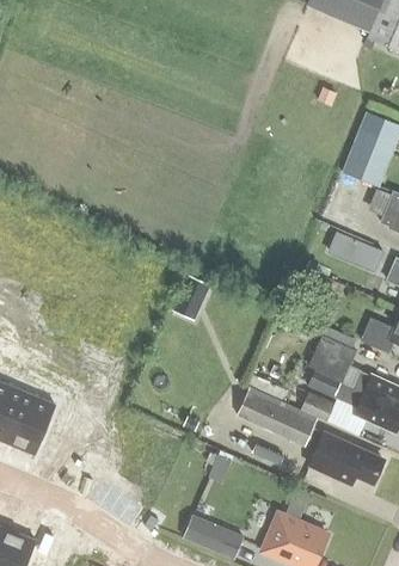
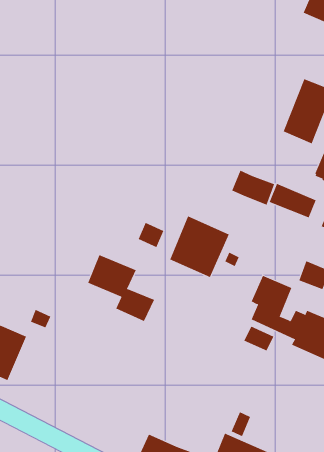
building: none -> [232,170,275,205]
building: none -> [170,215,229,278]
building: none -> [88,253,155,322]
building: [237,392,382,485] -> none

